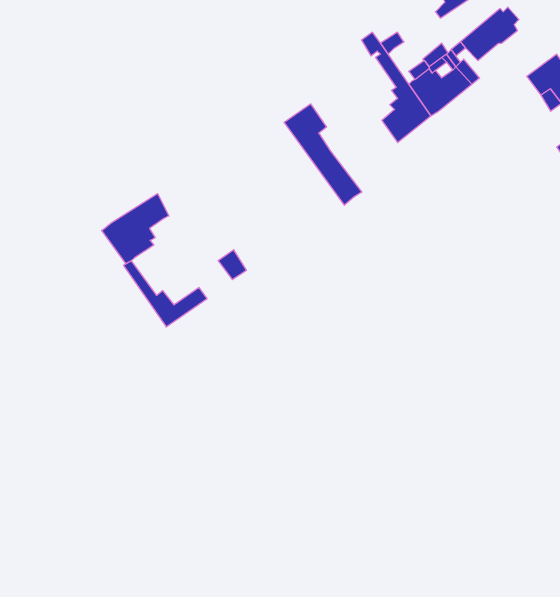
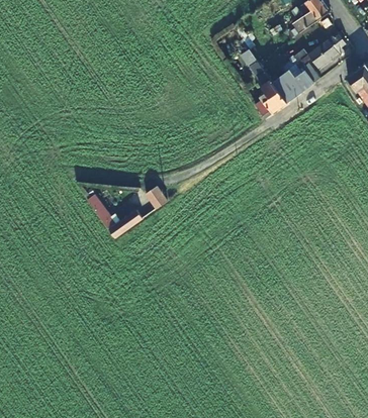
building: [284,104,362,205] -> none
building: [102,194,169,264] -> none

